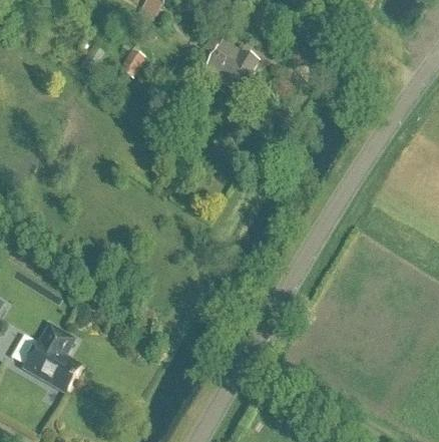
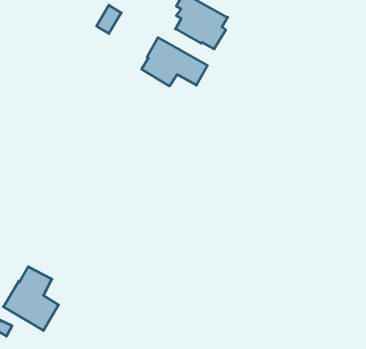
building: none -> [142,38,207,86]

